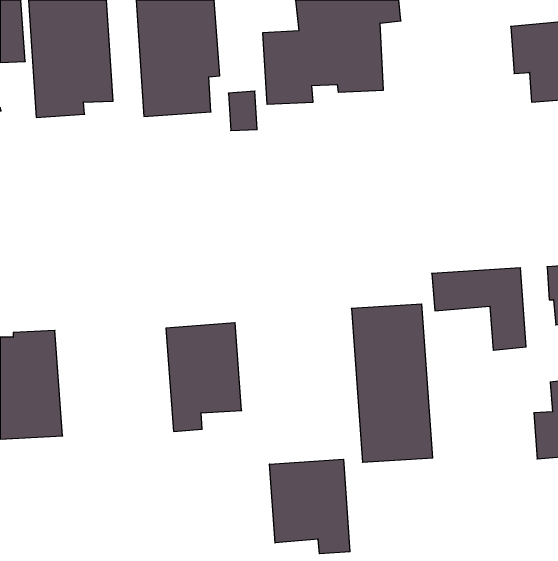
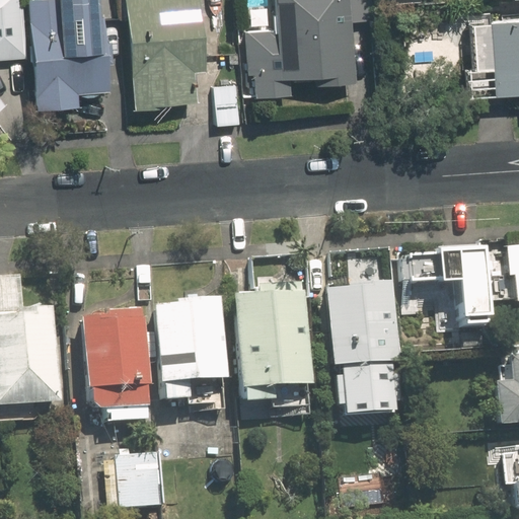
building: none -> [236,282,311,398]
building: none -> [83,308,150,418]
building: [270,459,350,554] -> none
building: none -> [115,453,160,508]

